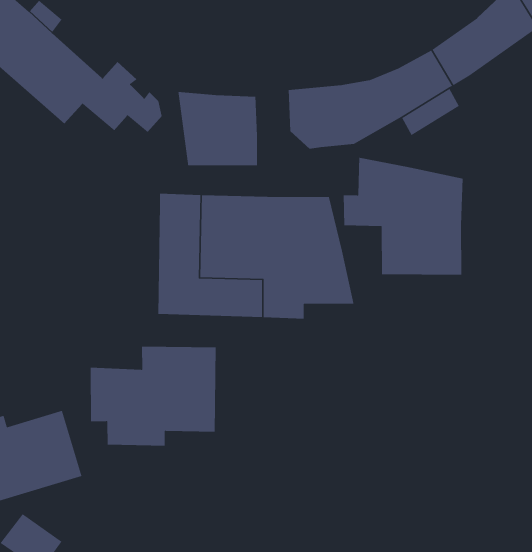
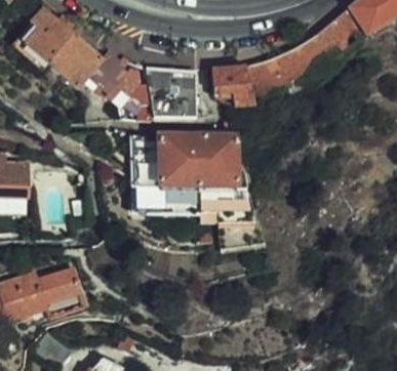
building: [343,157,463,275] -> none
building: [90,346,217,447] -> none

